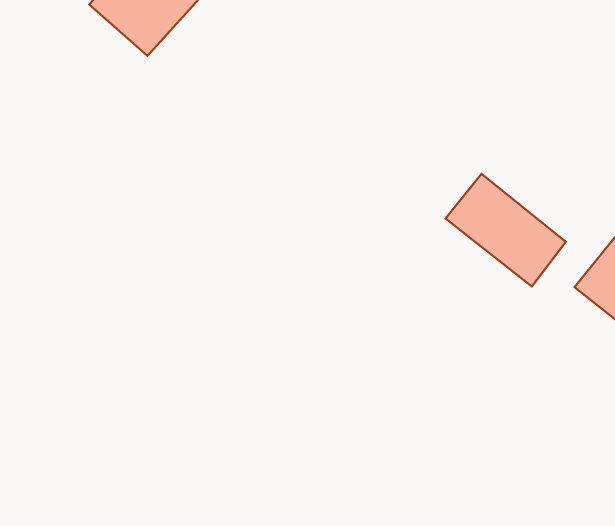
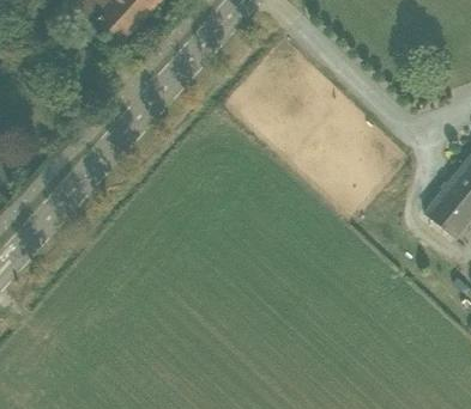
building: [446,174,566,286] -> none

